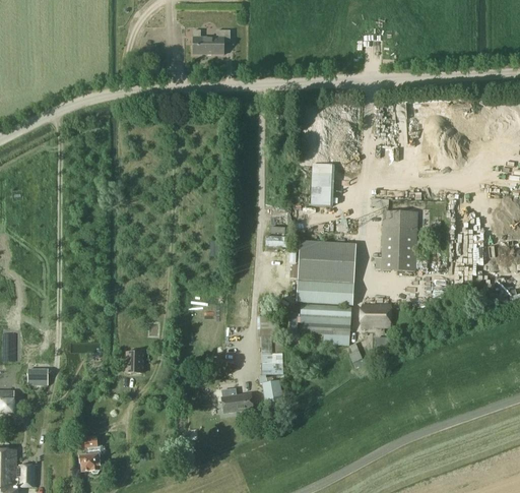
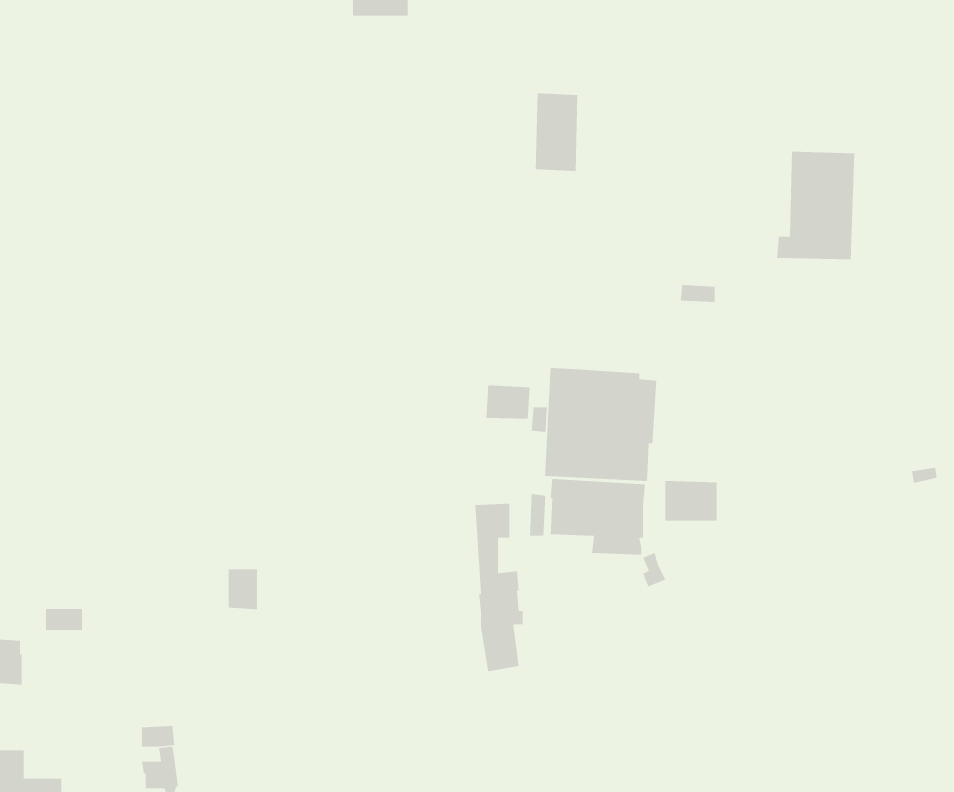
building: [311,163,334,205] -> [535,93,578,172]
building: [375,210,417,269] -> [776,151,855,260]
building: none -> [486,385,530,419]
building: [221,392,253,413] -> none

